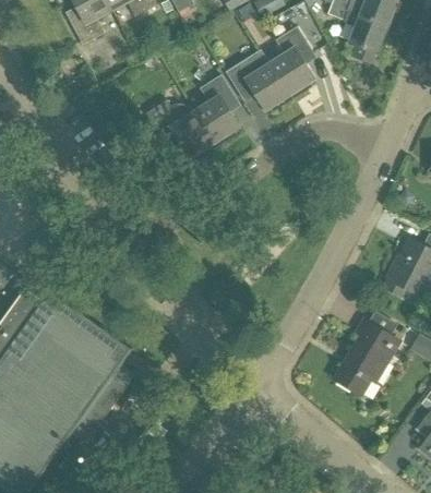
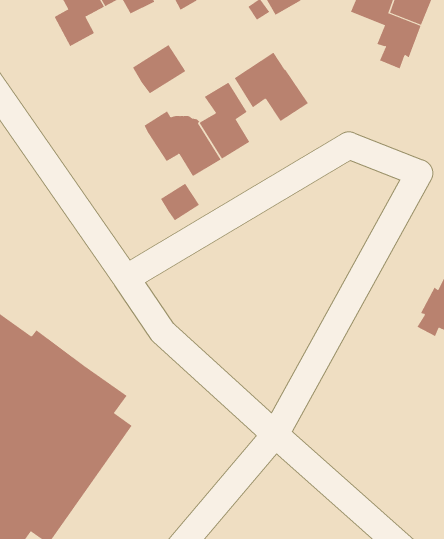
building: [268,25,313,93] -> none
building: none -> [132,44,186,94]
building: none -> [160,183,200,221]
building: [334,317,399,394] -> none

